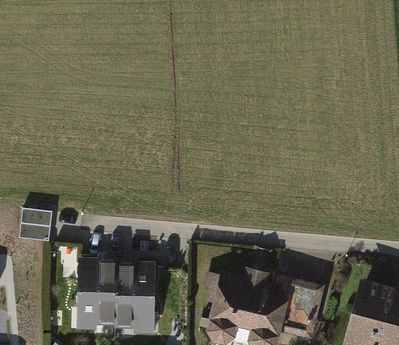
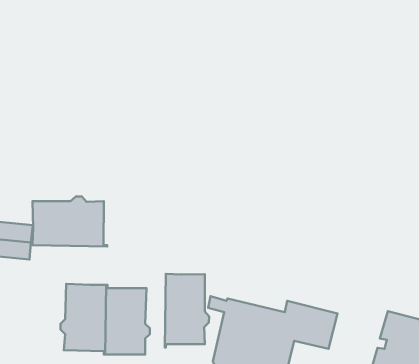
building: none -> [32,196,107,246]
building: none -> [165,274,209,348]

